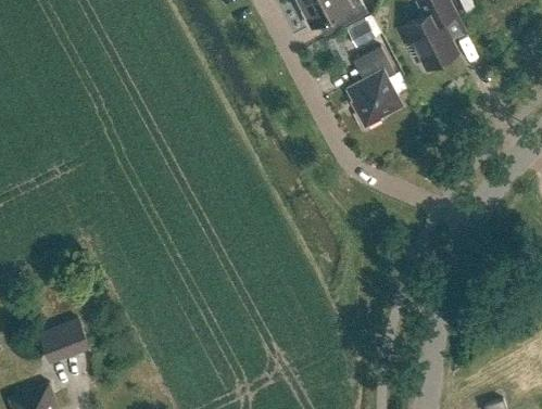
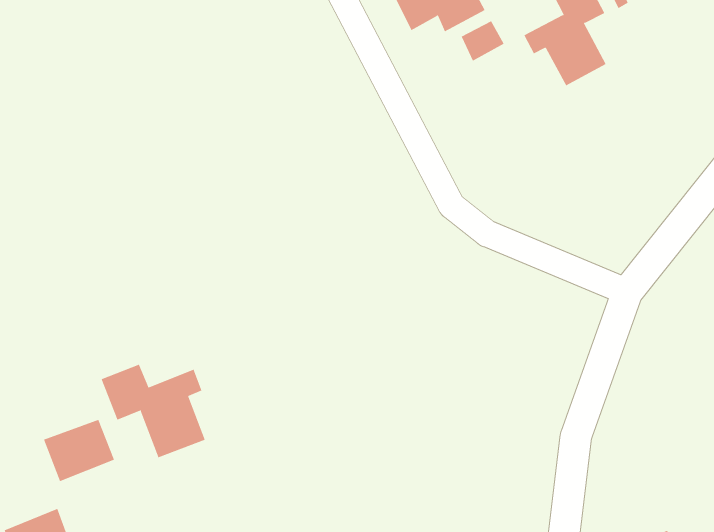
building: [346,47,401,128] -> none
building: none -> [101,364,206,458]

